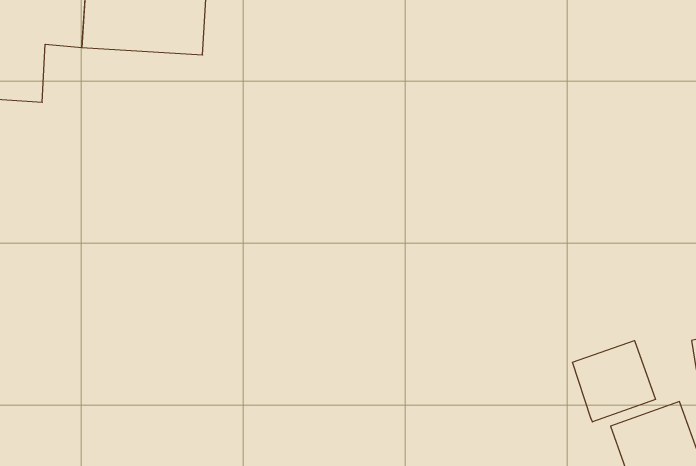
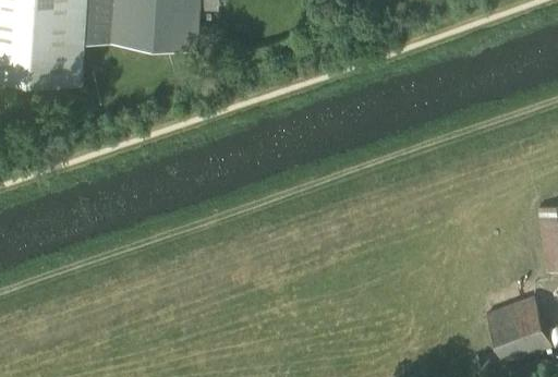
building: [572,341,655,422] -> none

